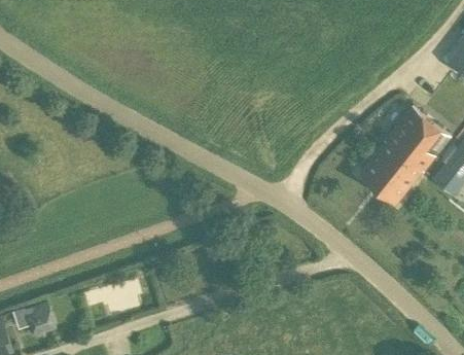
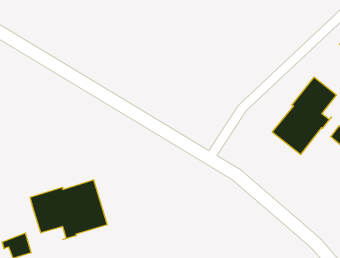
building: none -> [30,180,107,239]

